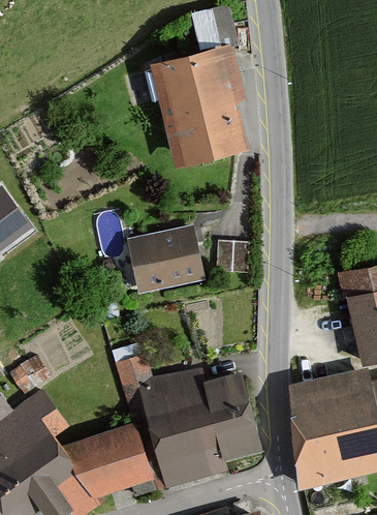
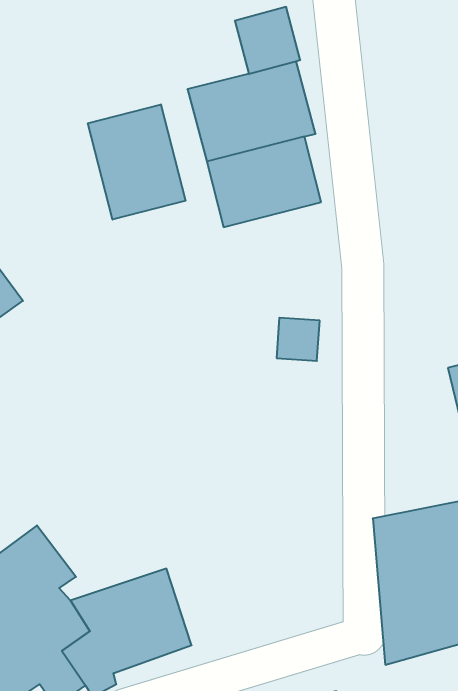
building: none -> [88,104,186,220]
building: [131,226,200,284] -> none
building: [112,354,262,487] -> none

